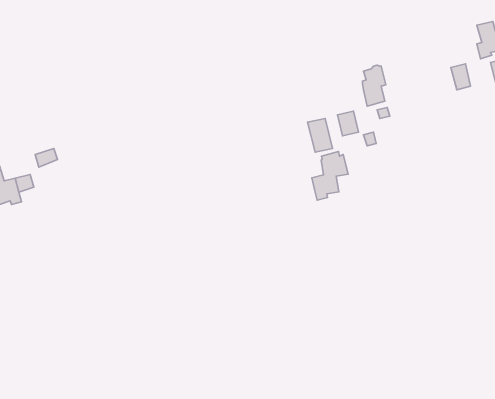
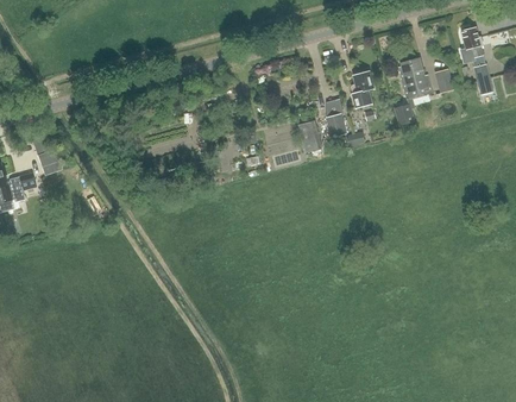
building: none -> [395,57,432,125]
building: [312,152,348,200] -> none

